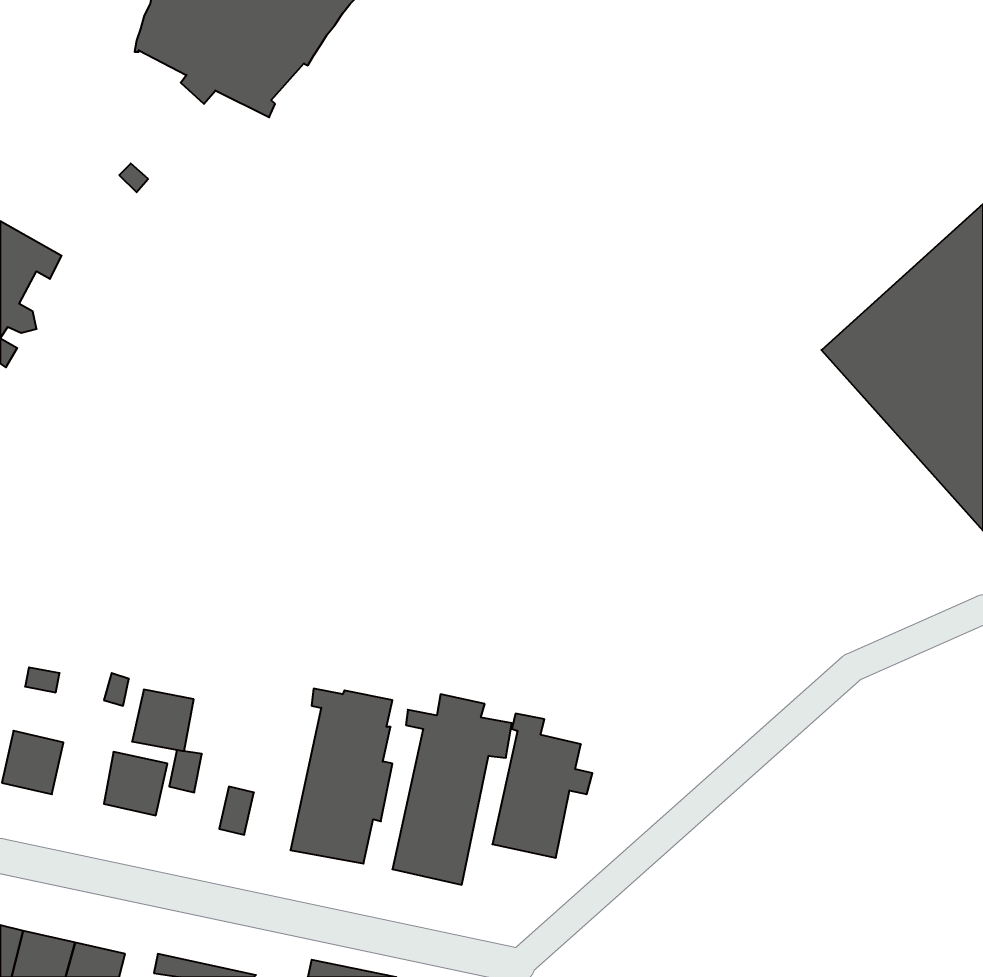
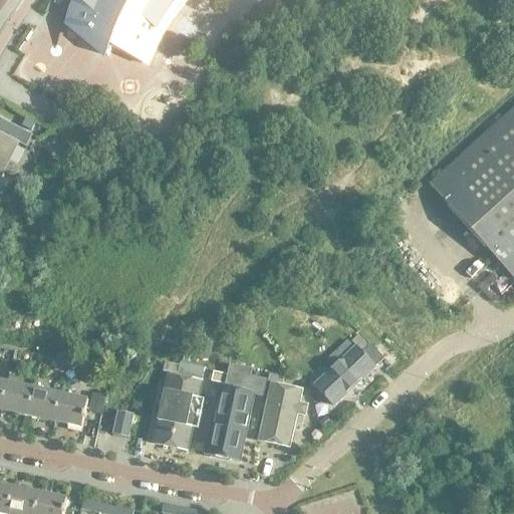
building: none -> [307,333,386,405]
building: [132,690,194,751] -> [27,388,59,420]

